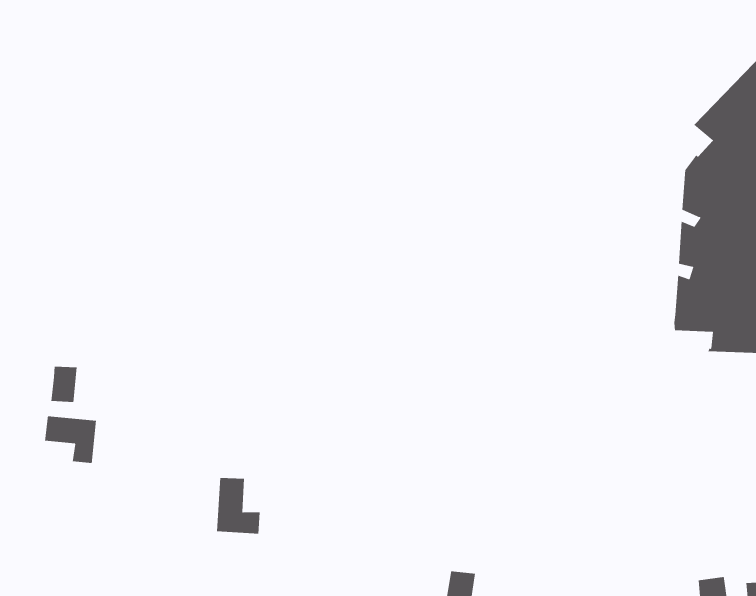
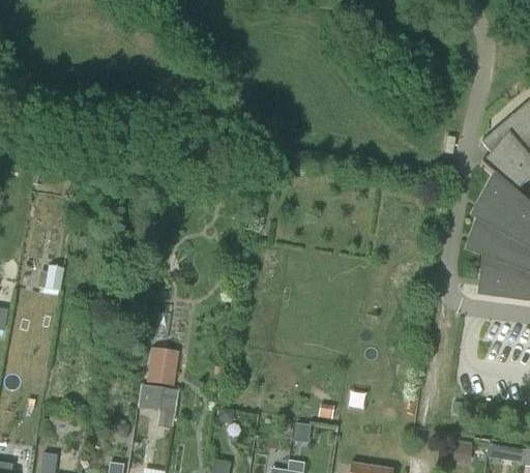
building: [44,415,97,464] -> none
building: none -> [142,386,179,414]

